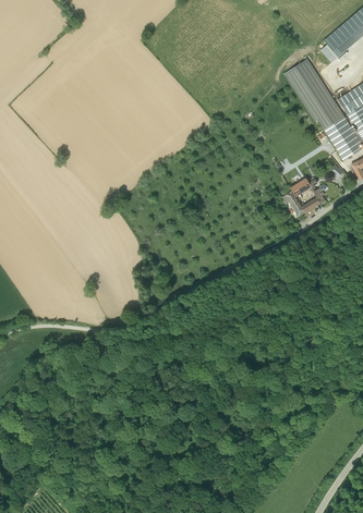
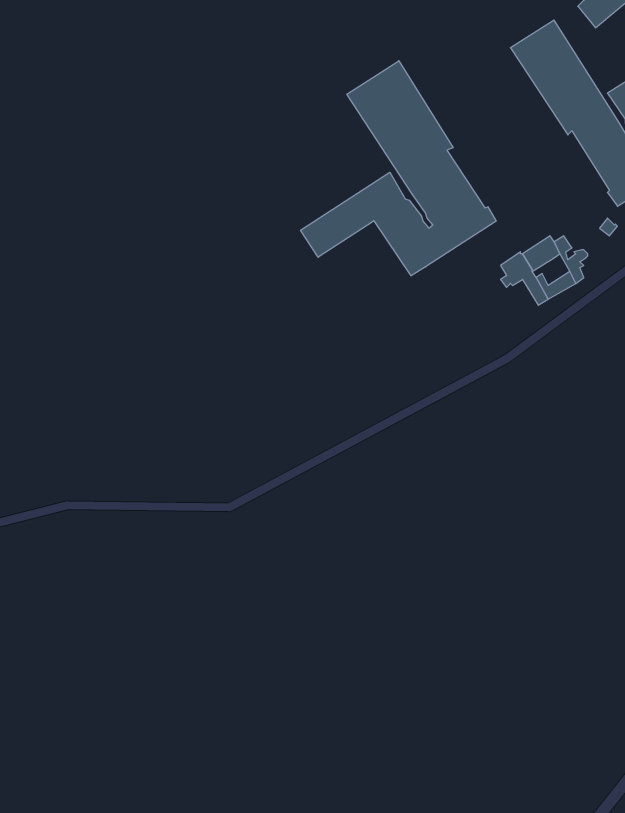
building: none -> [301,61,496,276]

